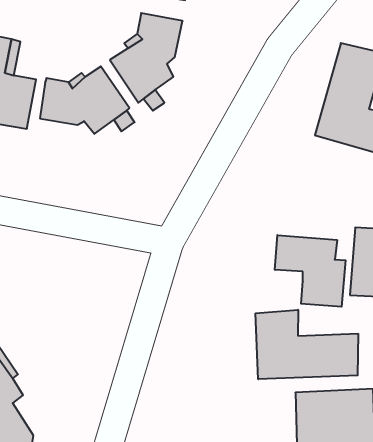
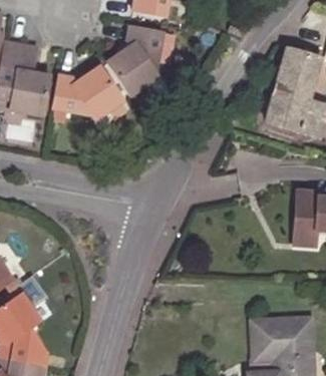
building: [275,235,346,307] -> none
building: [256,310,358,379] -> none

